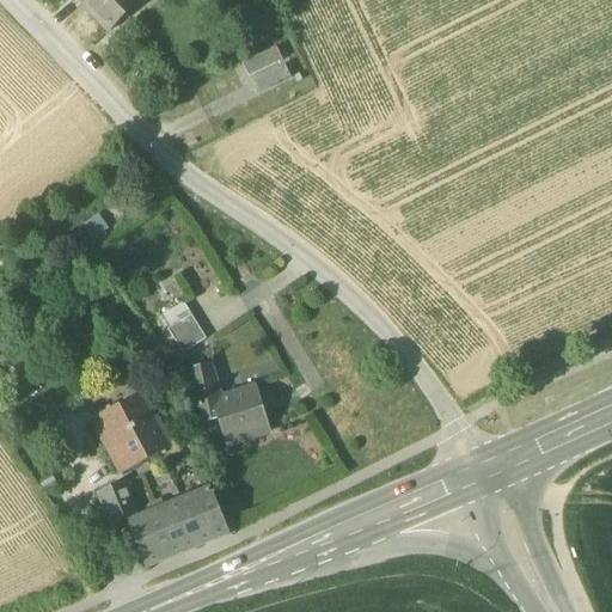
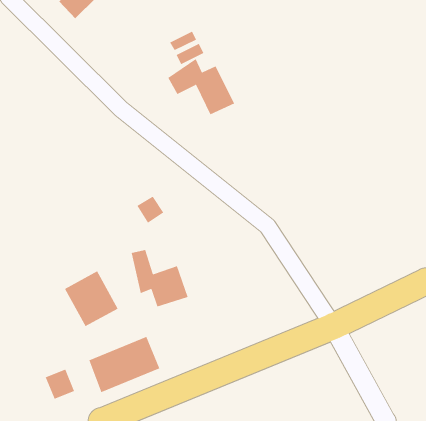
building: none -> [167,58,235,115]
building: [167,311,207,350] -> [137,196,164,223]
building: [96,477,139,521] -> [45,369,75,400]

